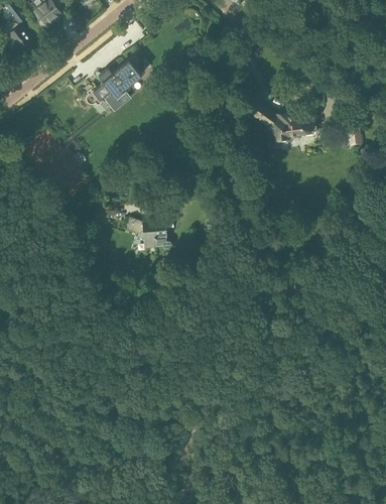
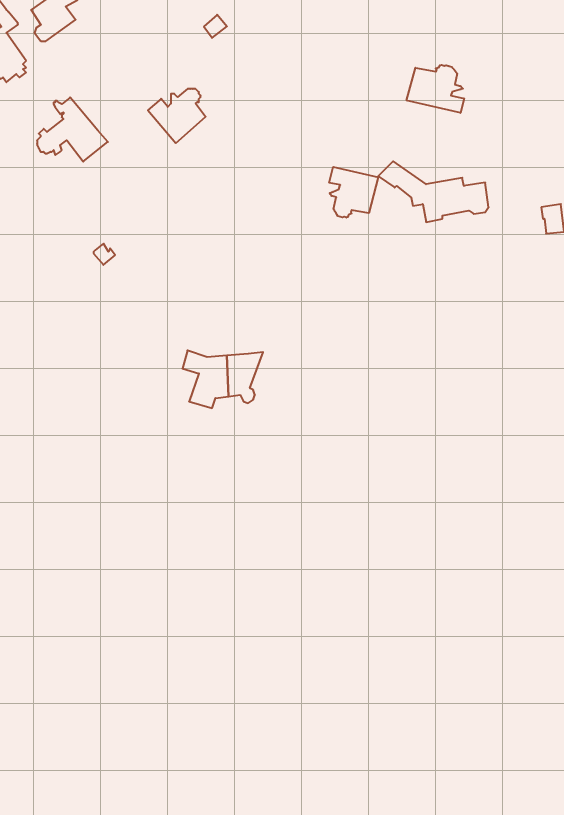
building: none -> [407,65,464,113]
building: [86,71,129,110] -> [37,97,108,162]
building: none -> [329,167,378,218]

